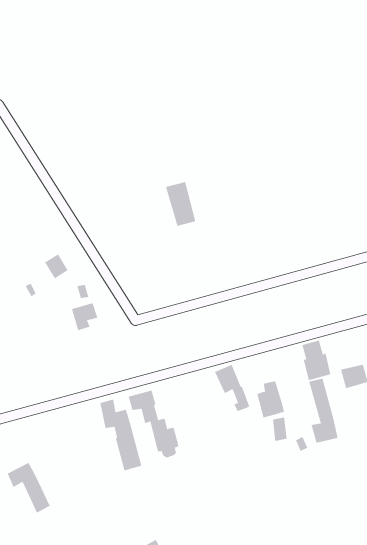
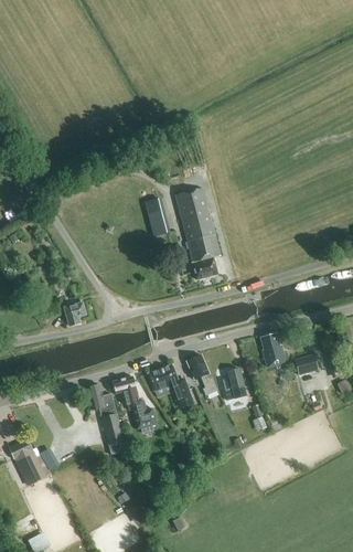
building: none -> [174,187,221,278]
building: none -> [147,363,192,407]
building: [309,378,338,444] -> none

